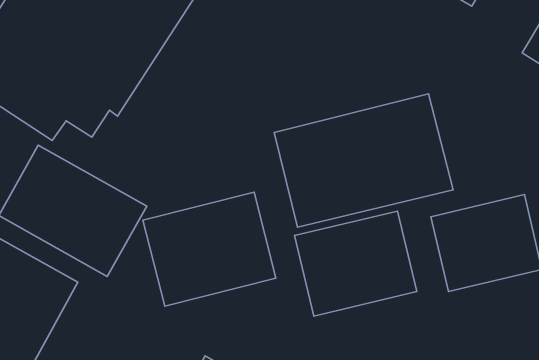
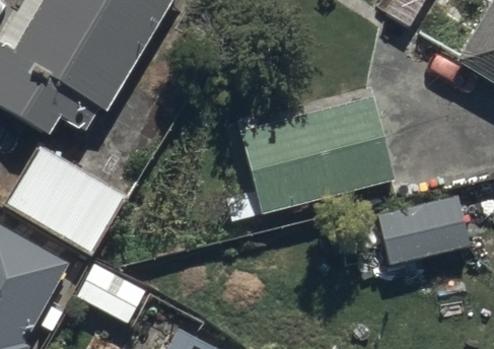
building: [143,192,276,306] -> none
building: [295,211,417,316] -> none

